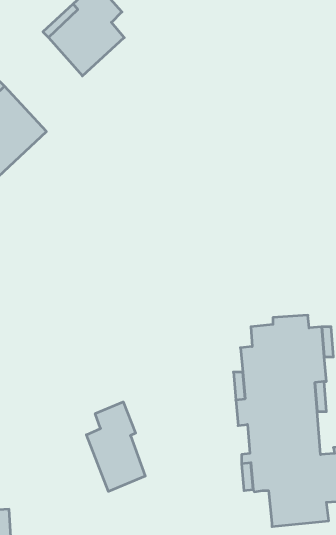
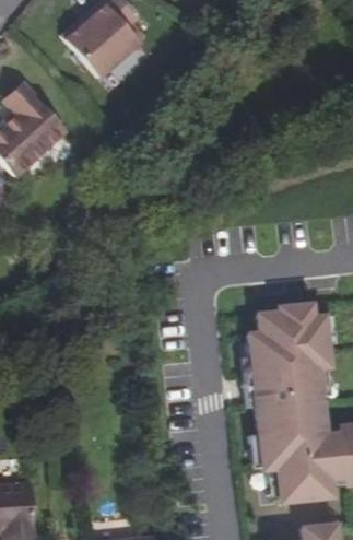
building: [86,402,145,491] -> none

